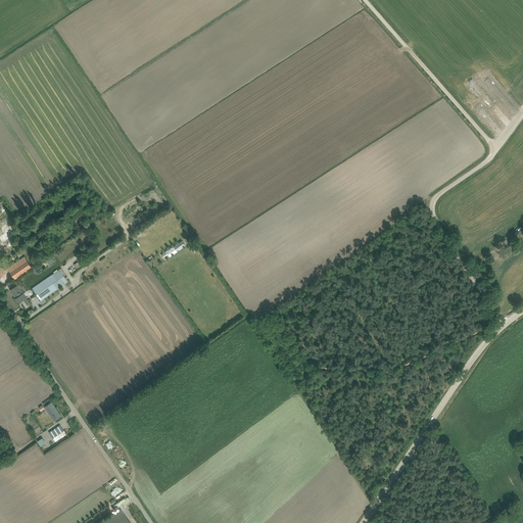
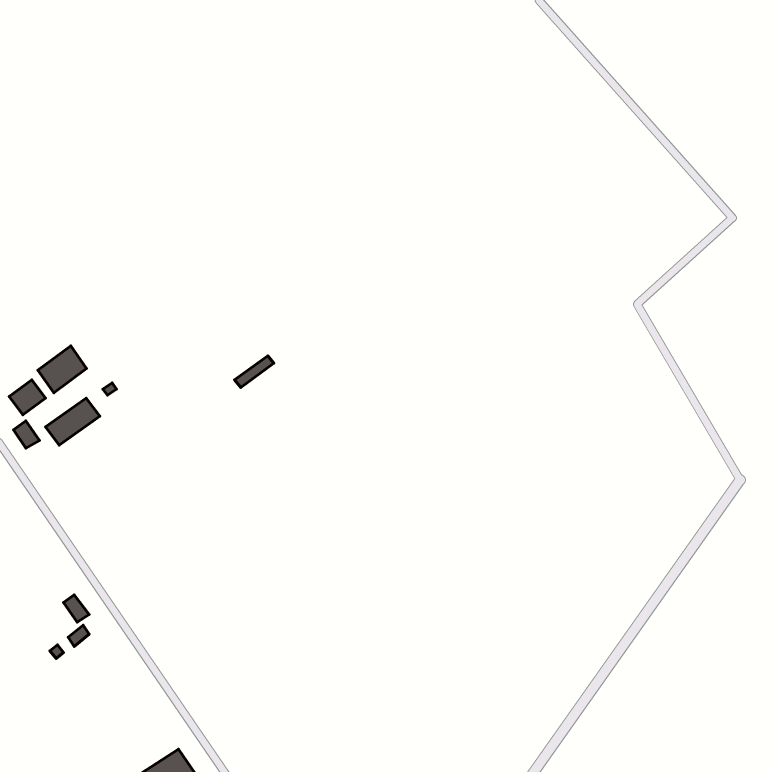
building: none -> [38,346,87,393]

